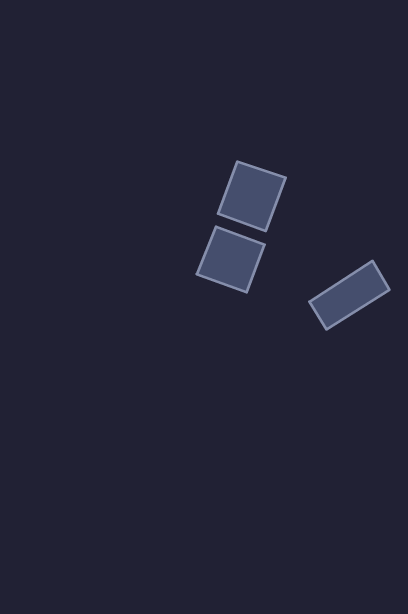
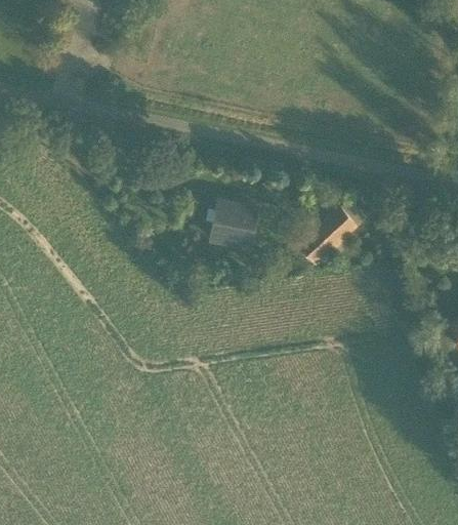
building: [218,162,286,231] -> none

